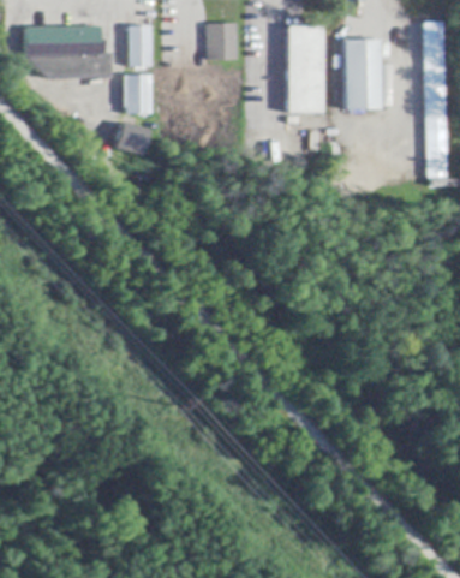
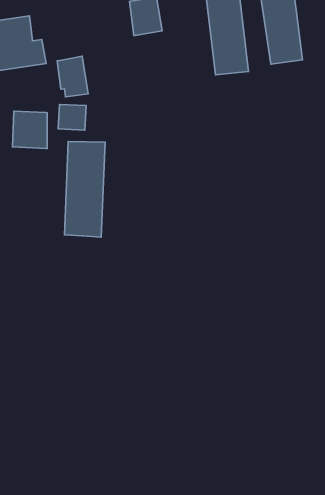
building: [129,25,151,66] -> none
building: none -> [12,111,47,149]
building: none -> [64,141,105,237]

